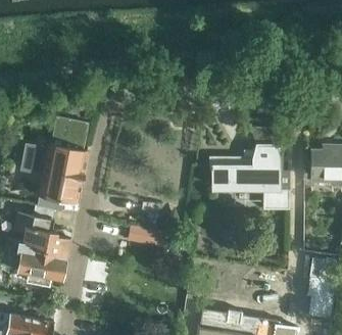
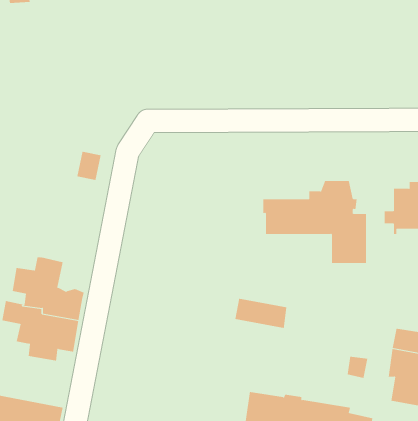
building: [22,143,88,209] -> none
building: [128,225,168,248] -> [234,298,287,328]

